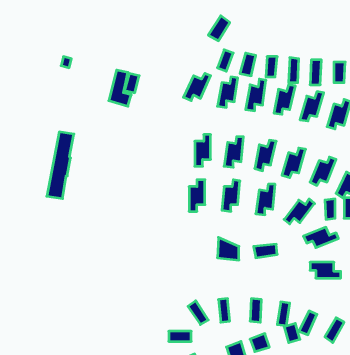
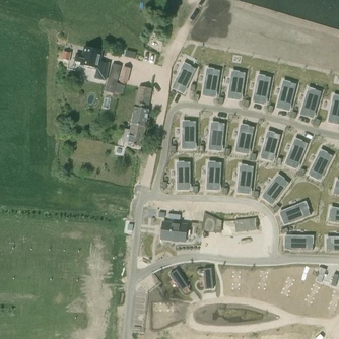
building: none -> [73,46,109,80]
building: [47,132,74,199] -> [127,86,151,146]
building: none -> [159,220,187,243]

